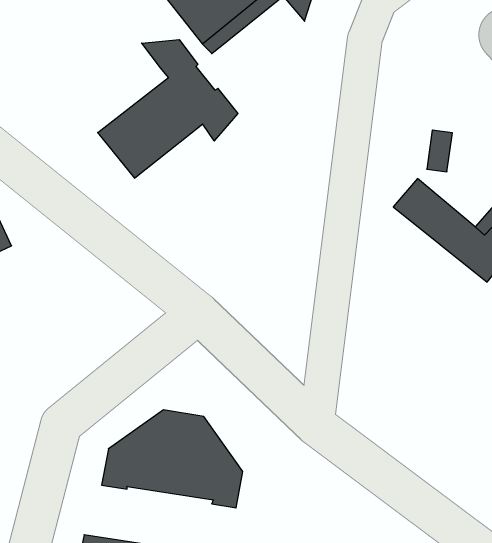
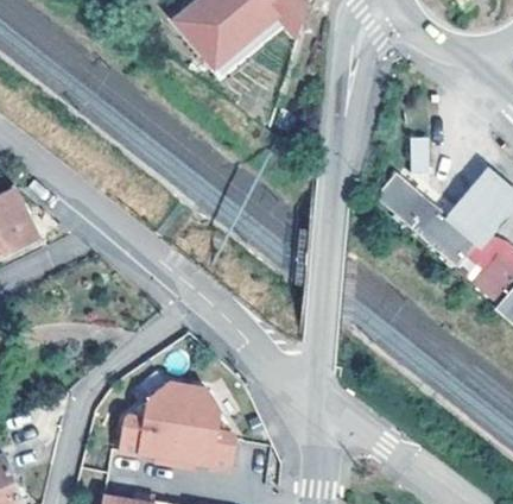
building: [98,40,238,178] -> none

